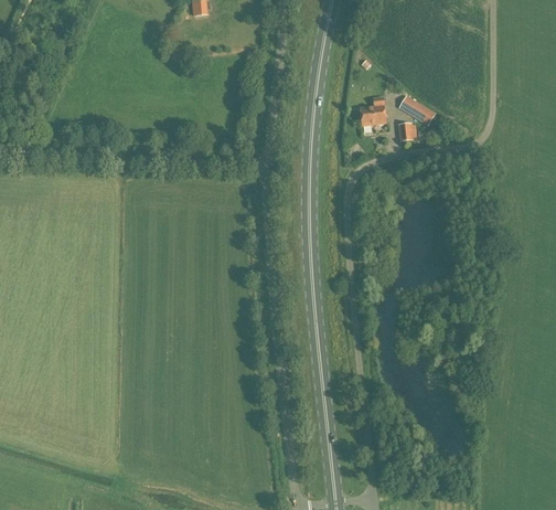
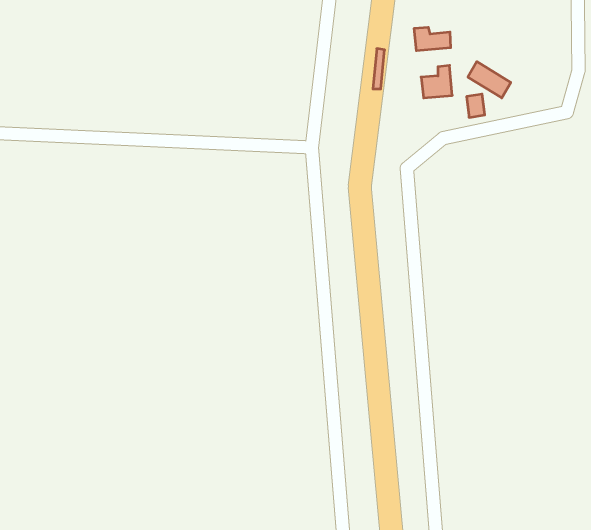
building: none -> [414,27,451,51]

